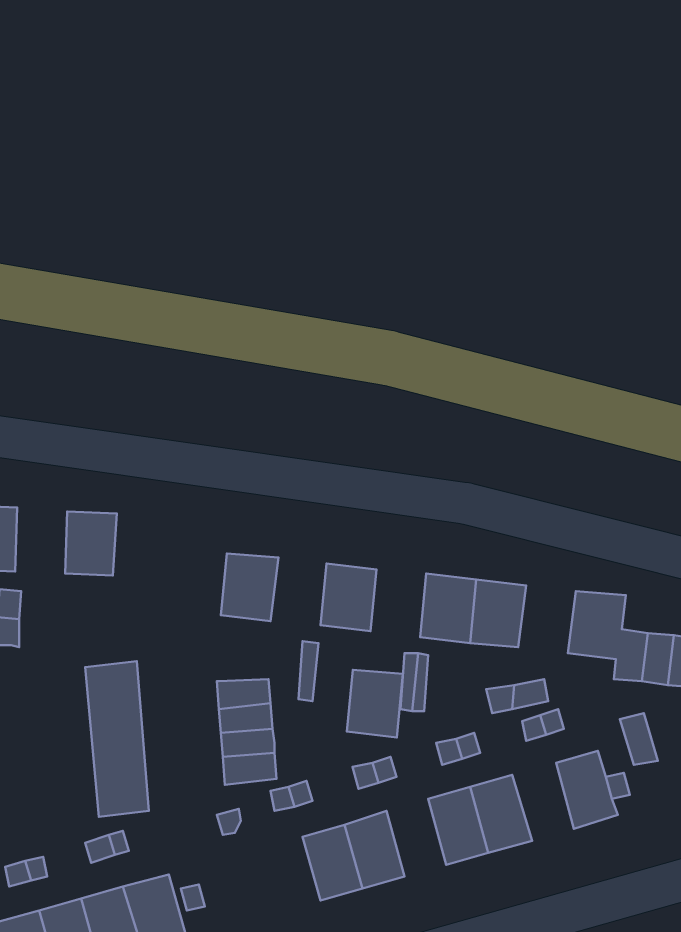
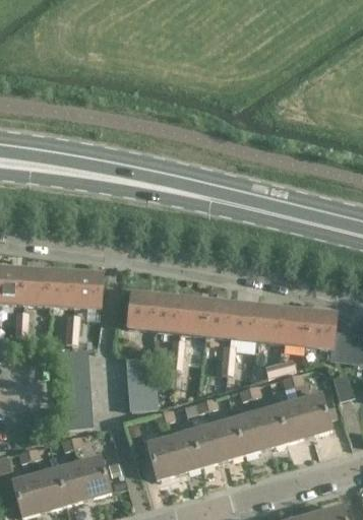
building: none -> [23,270,50,304]
building: none -> [73,273,101,307]
building: none -> [154,296,182,330]
building: none -> [280,310,309,344]
building: [347,670,403,738] -> [204,302,233,336]
building: none -> [277,400,308,440]
building: none -> [213,418,243,458]
building: none -> [147,438,179,476]

